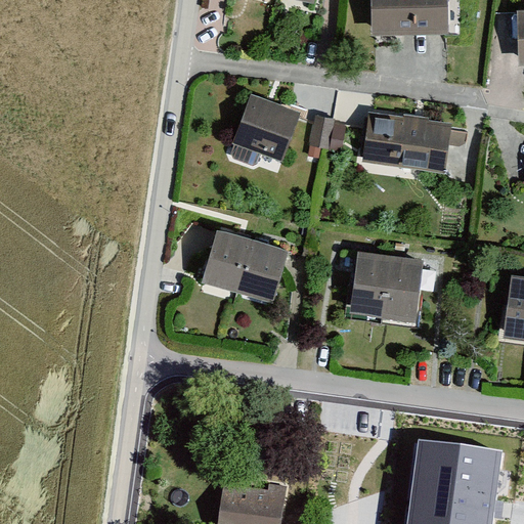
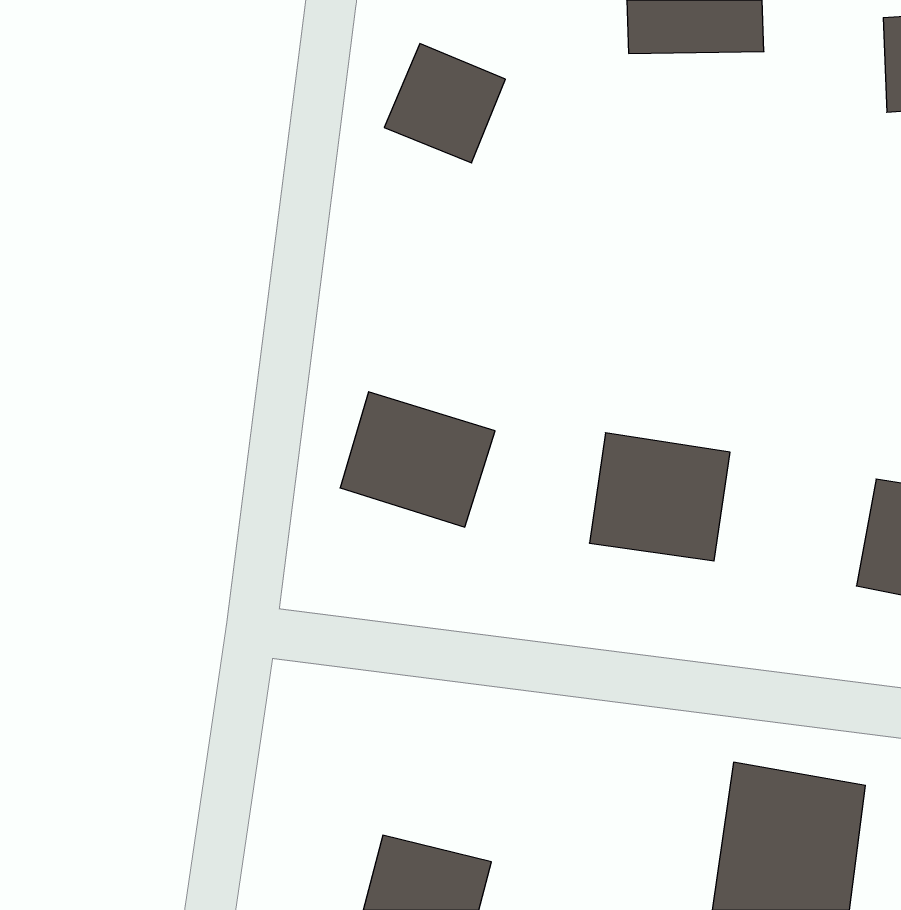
building: [232,94,302,163] -> [384,44,505,163]
building: [315,114,353,146] -> none
building: [365,119,452,177] -> none

